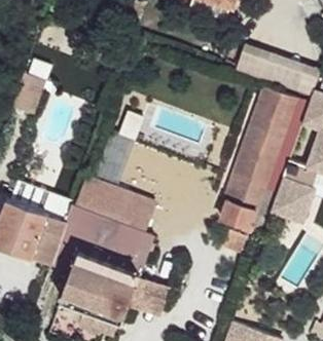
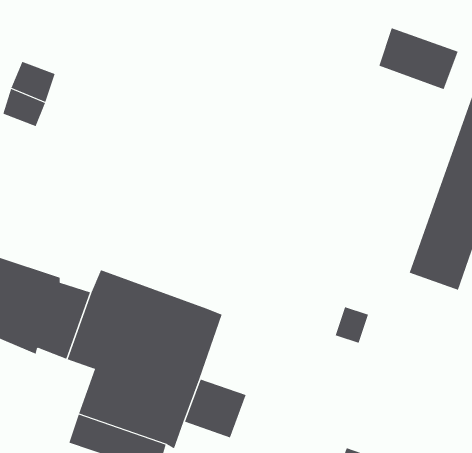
building: [219,88,295,229] -> none
building: [74,176,152,231] -> none

